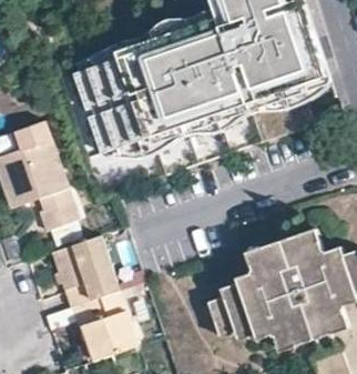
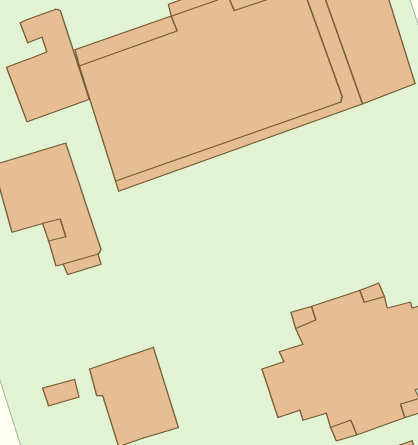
building: none -> [7,9,89,122]
building: [59,229,125,302] -> none

